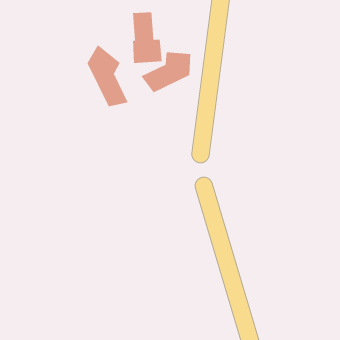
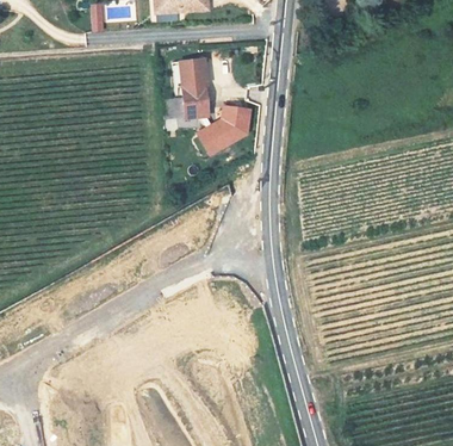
building: [87,44,129,107] -> none

